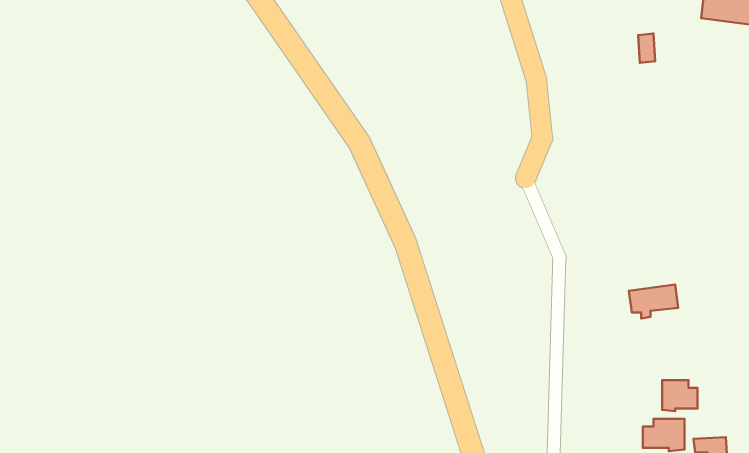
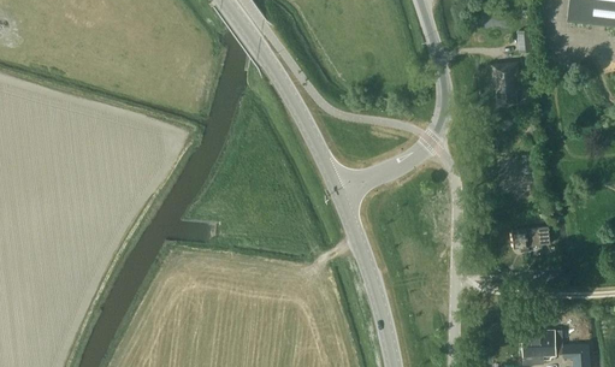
building: none -> [491,61,522,105]
building: [662,380,698,411] -> none

